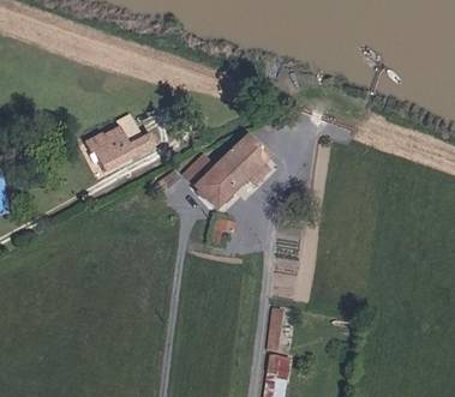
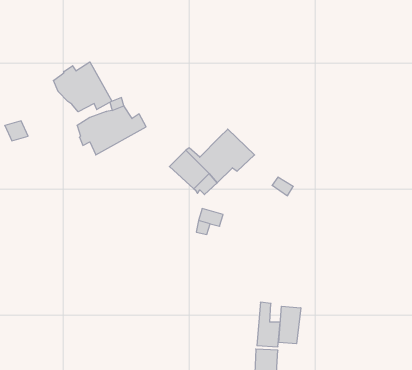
building: none -> [53,62,112,112]
building: none -> [279,306,301,344]

